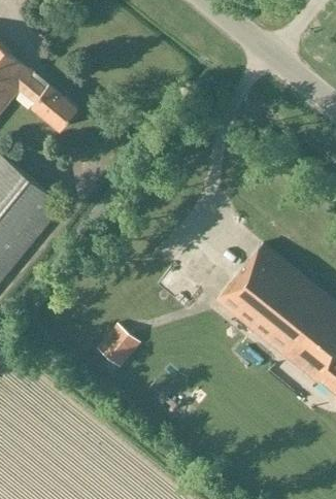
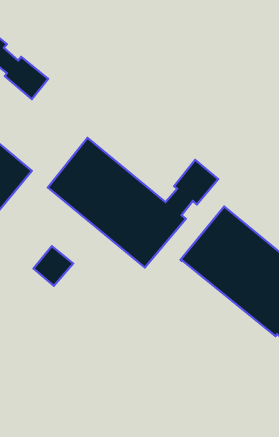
building: none -> [48,138,218,267]
building: [99,325,141,367] -> [33,246,73,286]

